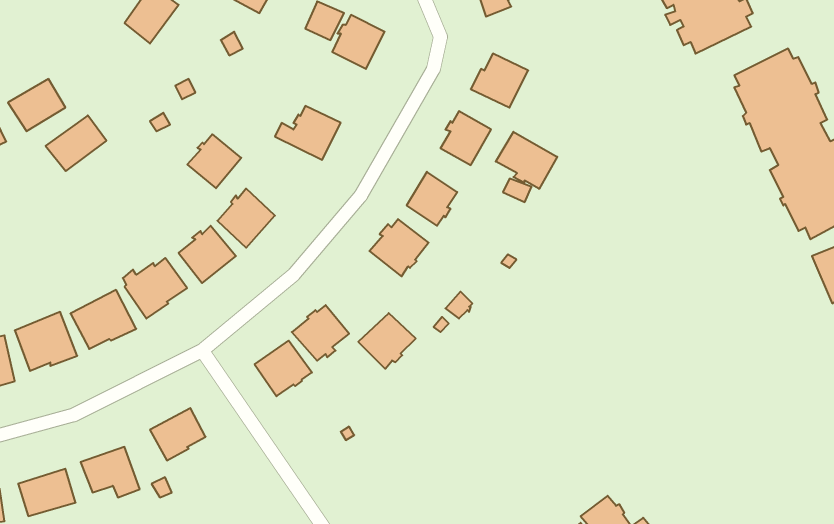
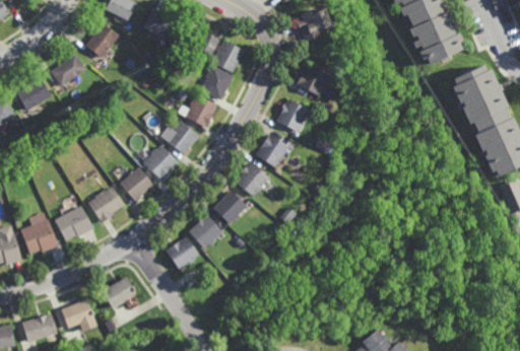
building: none -> [200,66,234,100]
building: [46,115,106,171] -> [51,54,87,87]
building: [496,132,557,189] -> none
building: [187,134,241,188] -> [166,122,198,154]
building: [358,313,416,369] -> [212,191,247,224]

